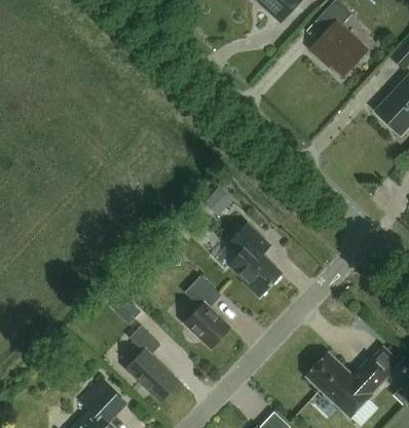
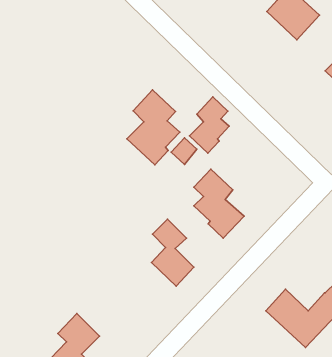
building: none -> [127,90,180,165]
building: none -> [189,97,229,153]
building: [123,324,178,400] -> none

